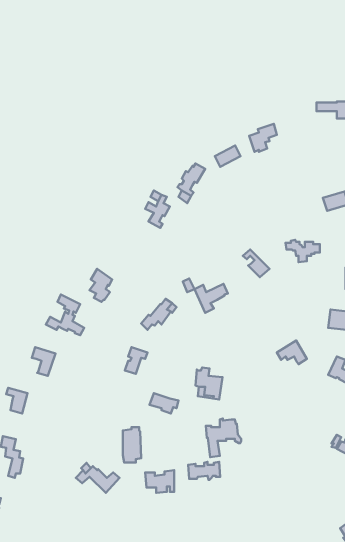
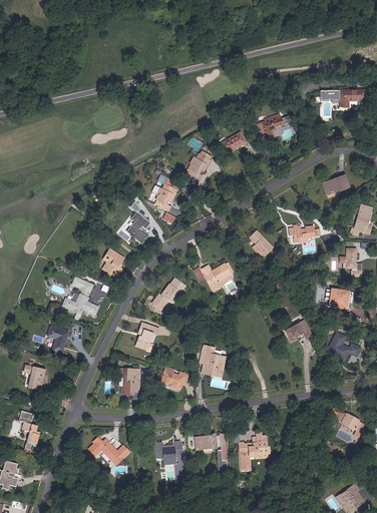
building: none -> [128,207,150,245]
building: [206,418,241,457] -> [238,435,271,471]
building: [123,427,141,463] -> [121,362,138,395]

